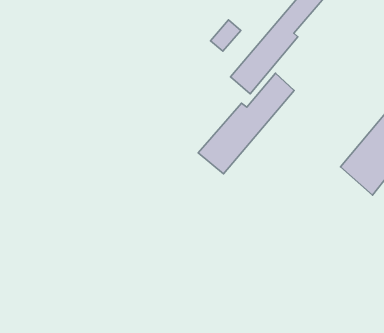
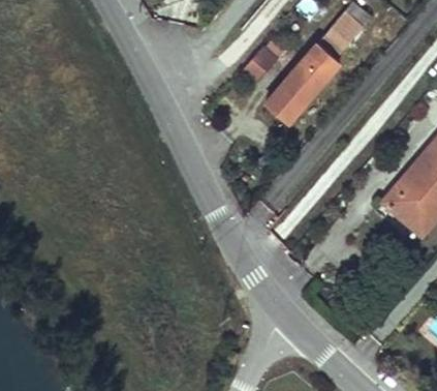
building: [198,73,294,174] -> none

